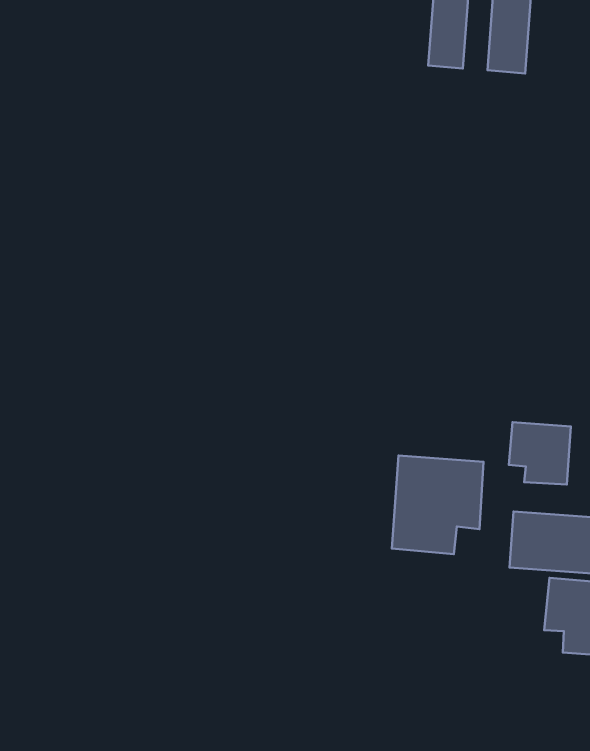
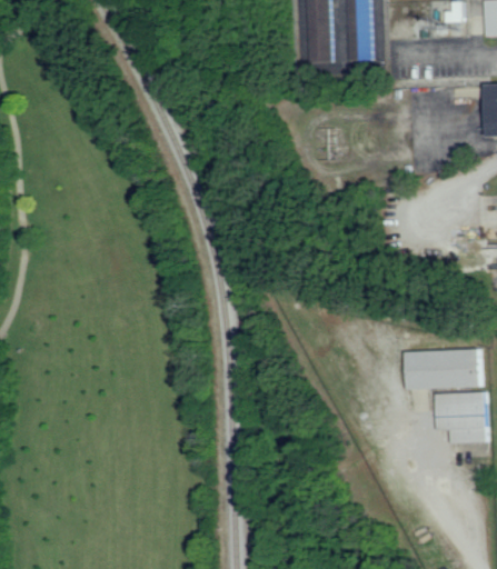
building: [509,422,571,485] -> none
building: [392,456,483,554] -> none

